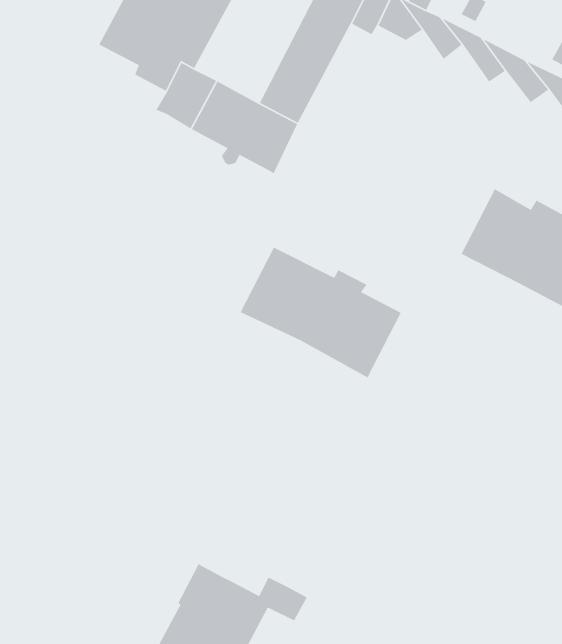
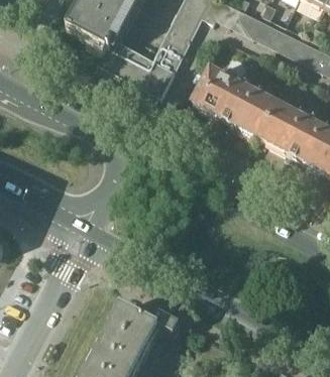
building: [240,247,402,379] -> [191,68,278,138]

